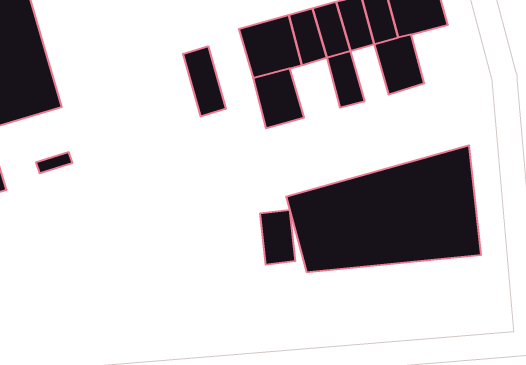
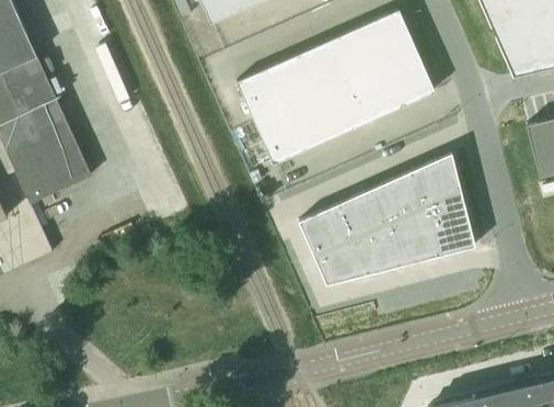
building: none -> [385,52,434,105]
building: none -> [335,78,373,128]
building: [183,46,226,116] -> none
building: none -> [285,95,333,150]
building: [260,210,295,265] -> none

